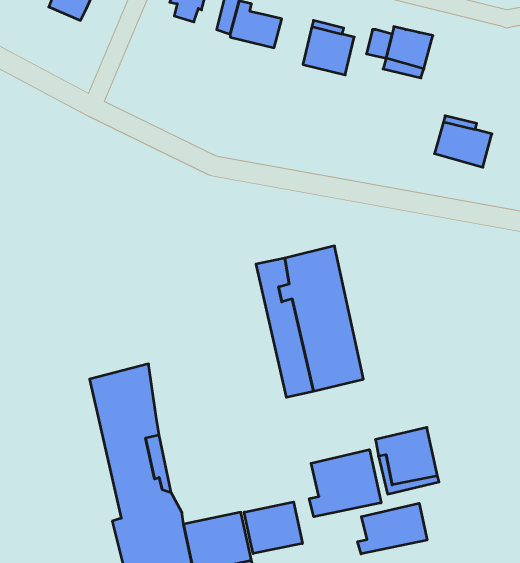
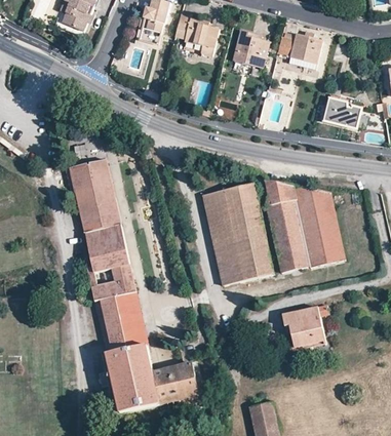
building: none -> [70,158,128,272]
building: none -> [266,180,345,271]
building: [309,450,381,517] -> none
building: [244,502,302,554] -> none
building: [358,503,427,554] -> none

